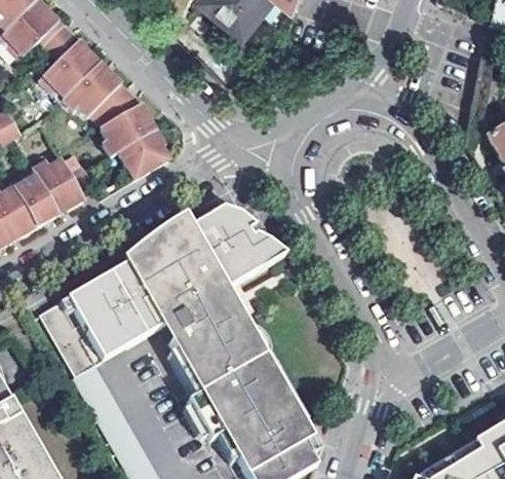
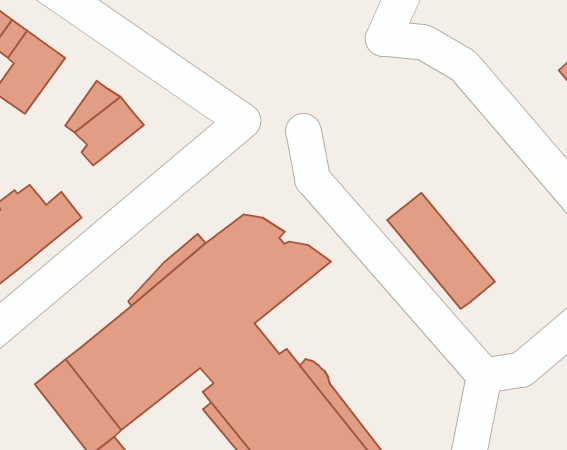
building: [70,65,127,118] -> none
building: [120,126,171,176] -> none
building: none -> [387,193,495,309]

